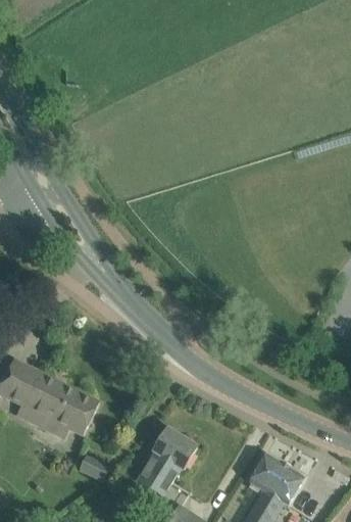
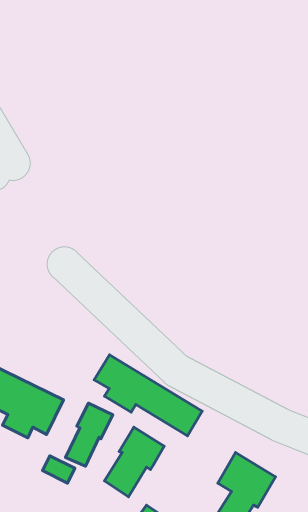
building: none -> [94,355,202,436]
building: none -> [66,403,113,466]

